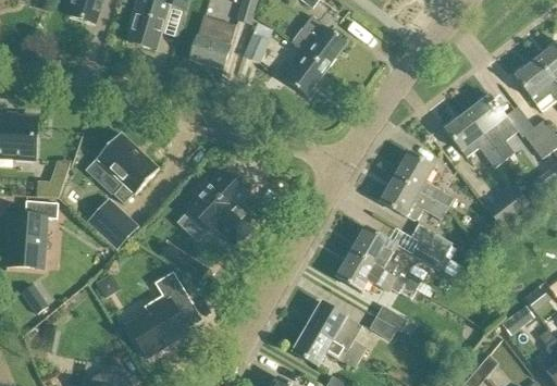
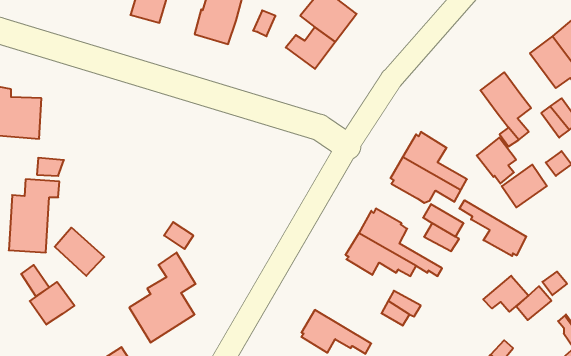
building: [445,113,483,158] -> [477,137,516,184]
building: [87,133,159,203] -> none
building: [180,167,259,247] -> none
building: [88,203,136,250] -> [55,228,104,276]
building: none -> [459,200,526,256]
building: none -> [483,276,529,312]
building: none -> [30,282,74,325]
building: [307,302,367,358] -> none

